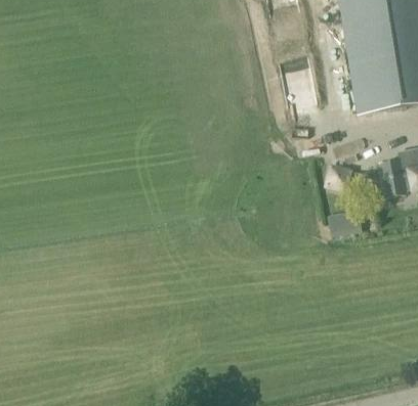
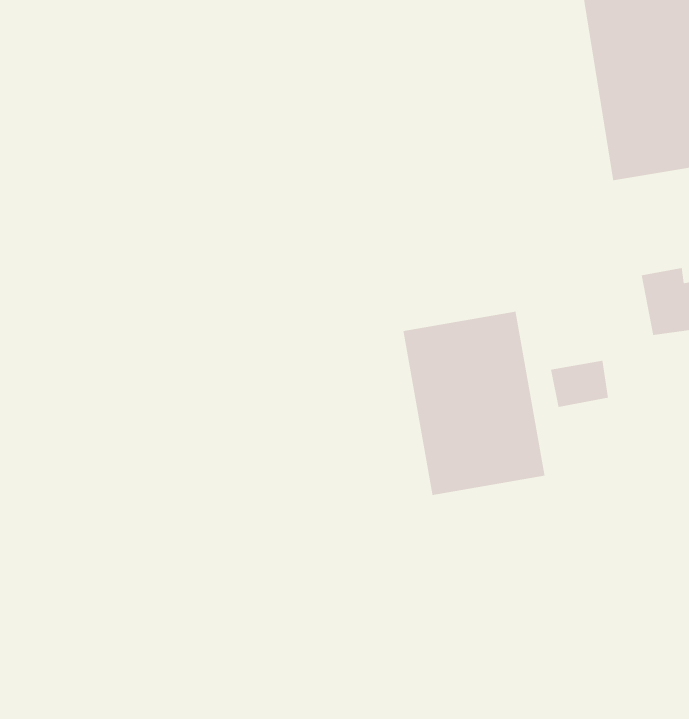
building: none -> [403,311,545,496]

